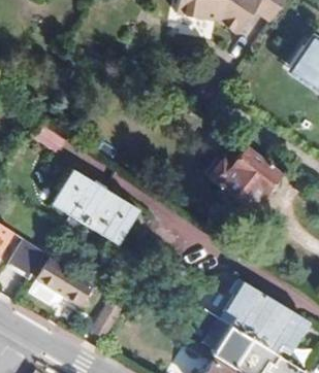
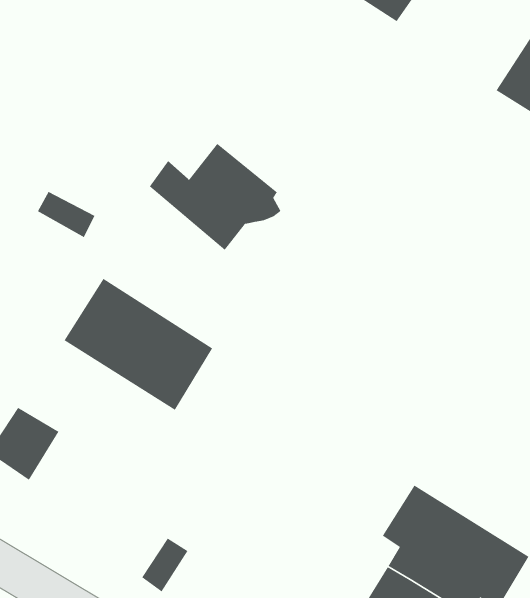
building: [205,147,278,206] -> [149,143,282,251]
building: [38,262,93,313] -> none

